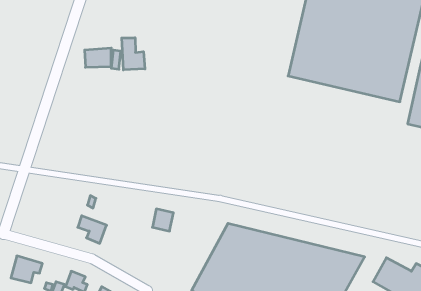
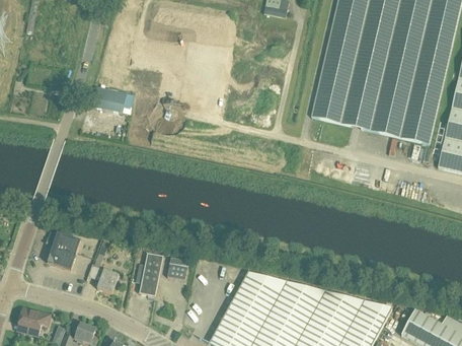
building: [122,38,145,70] -> none
building: none -> [46,232,81,271]
building: none -> [140,254,163,296]

